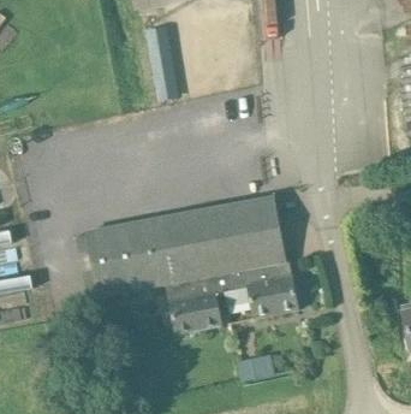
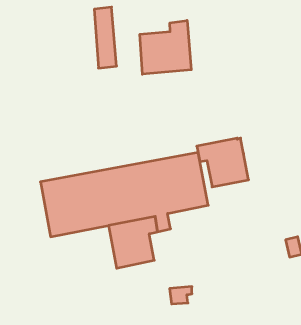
building: none -> [140,20,191,74]
building: [237,258,298,315] -> [197,138,249,187]

